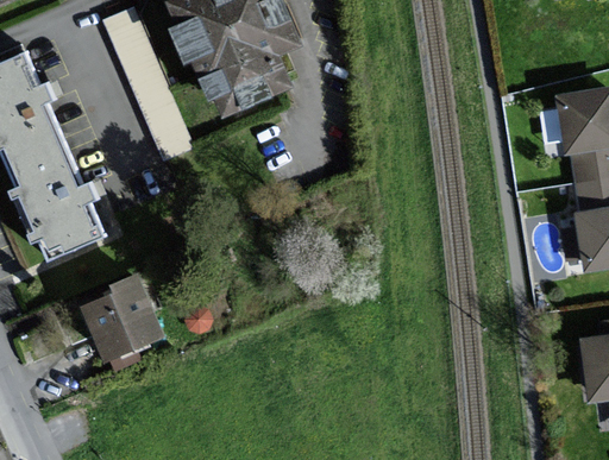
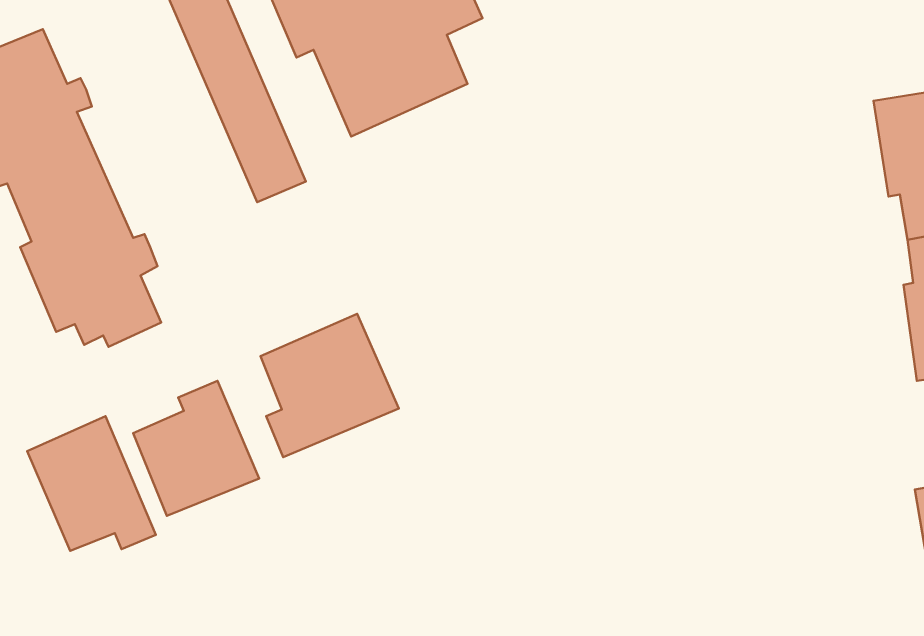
building: none -> [260,314,399,457]
building: none -> [27,416,156,551]

